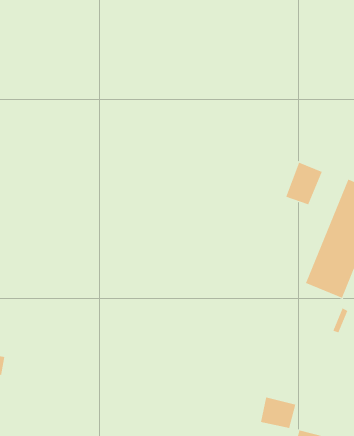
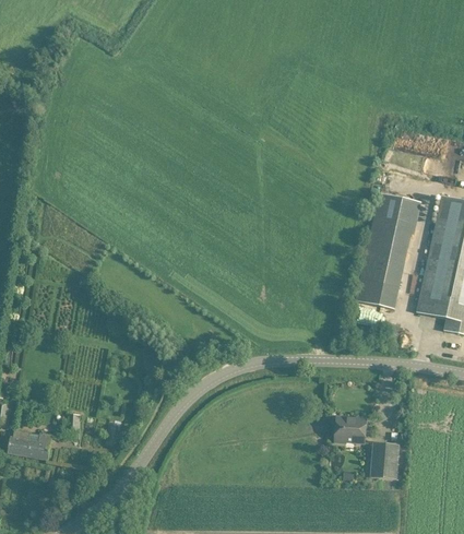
building: [285,162,322,205] -> none

